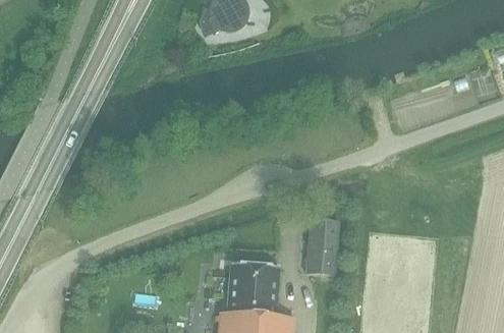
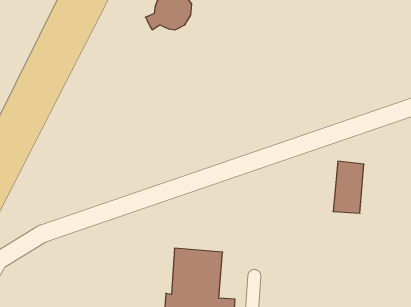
building: [305,218,338,273] -> [333,161,364,213]

